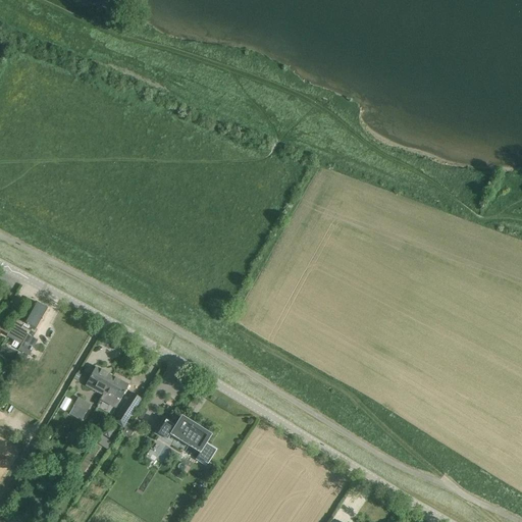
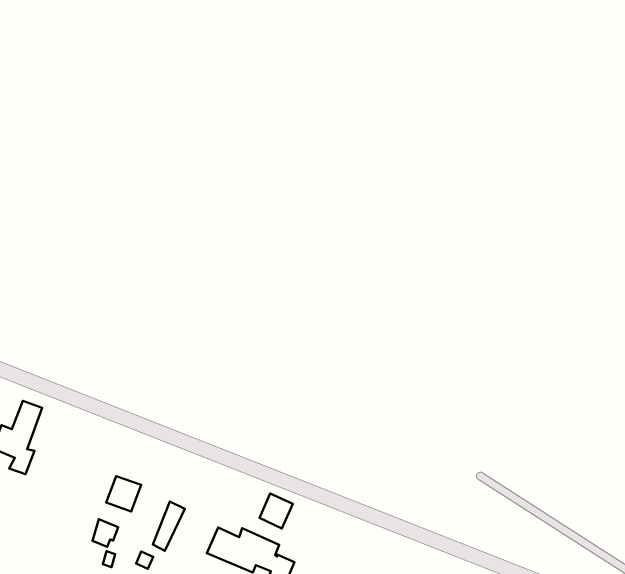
building: [101,374,128,406] -> none
building: none -> [259,493,293,528]

